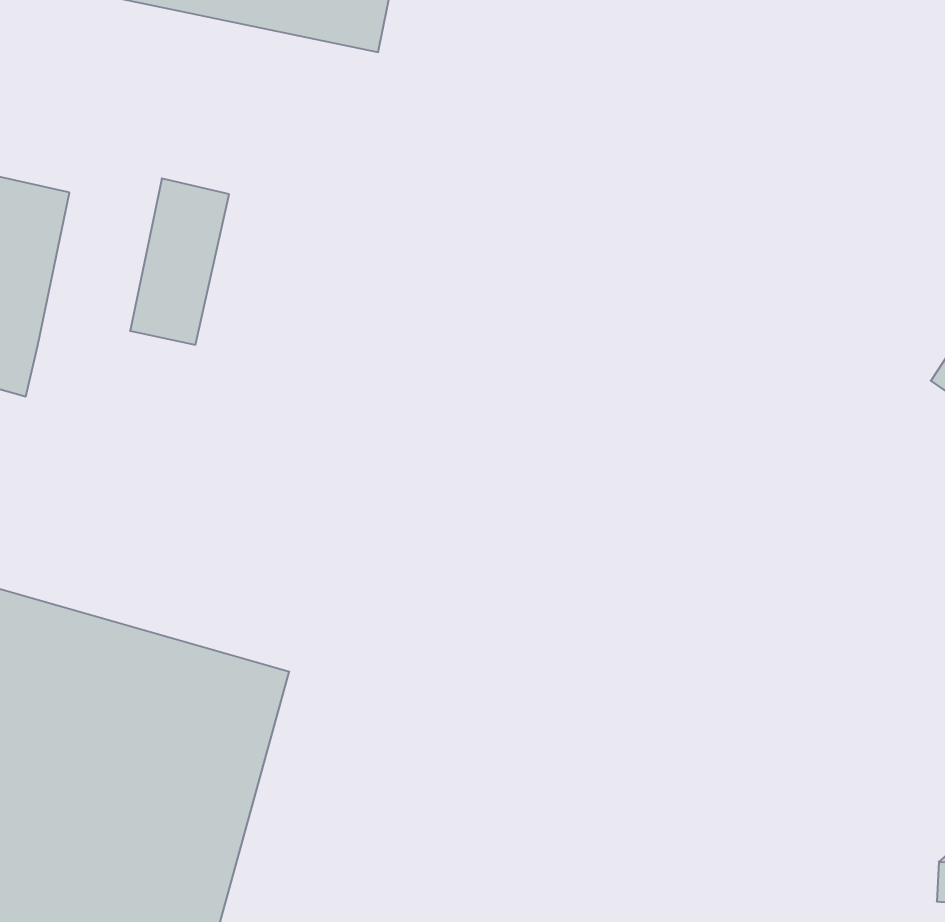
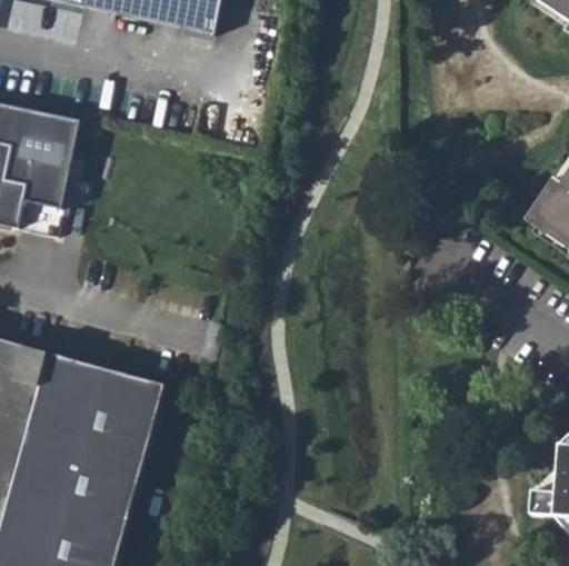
building: [130,178,229,345] -> [24,115,80,208]

